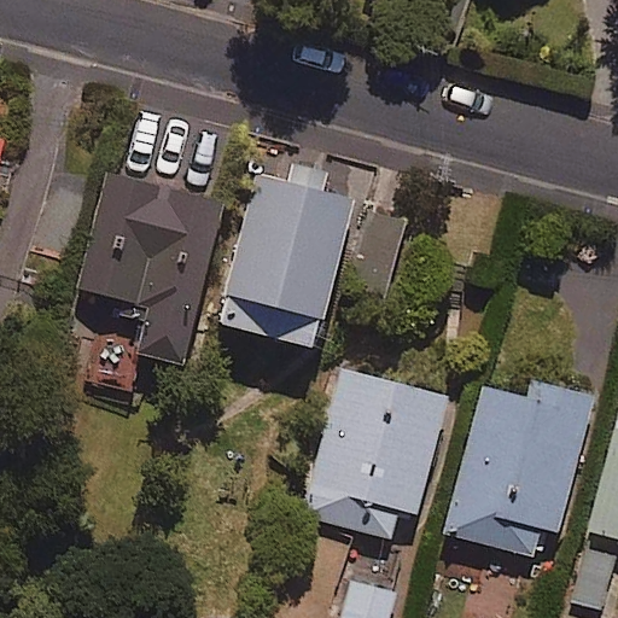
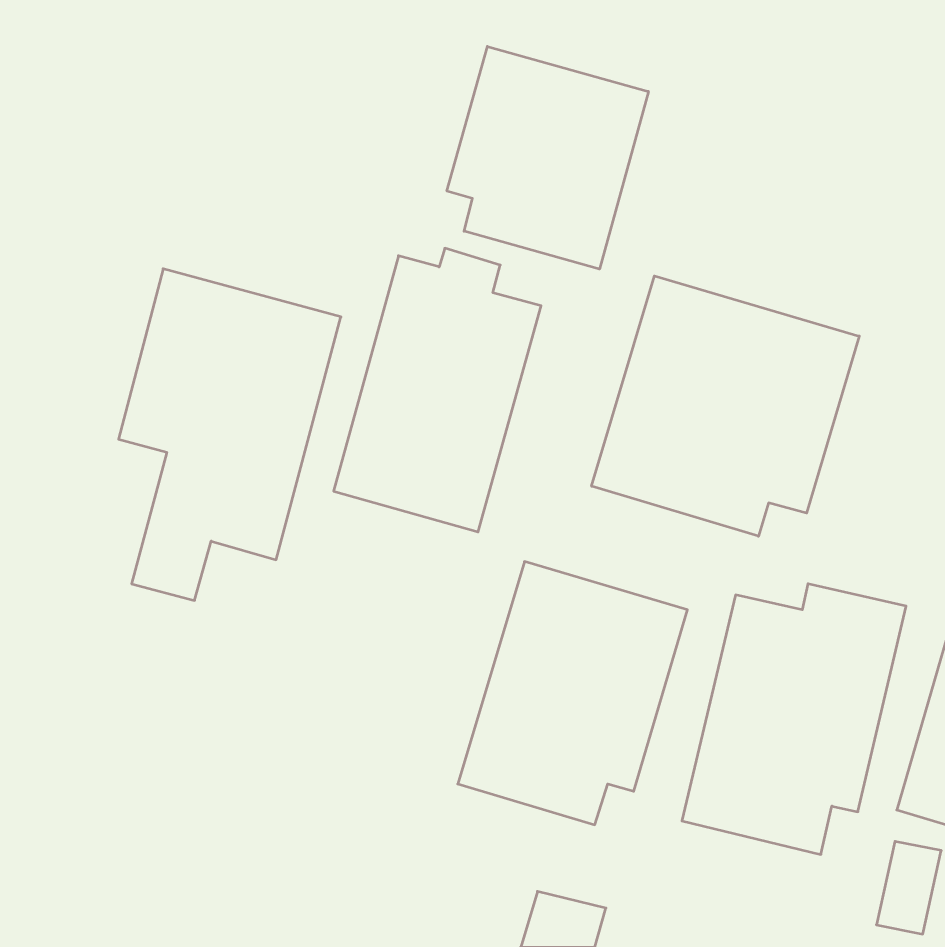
building: none -> [447,46,648,269]
building: none -> [592,276,859,536]

